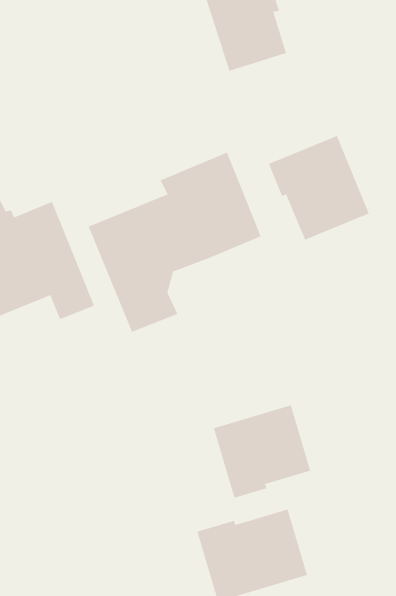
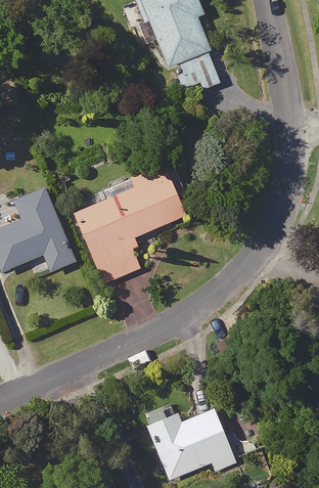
building: [268,135,370,240] -> none
building: [213,405,311,498] -> none

